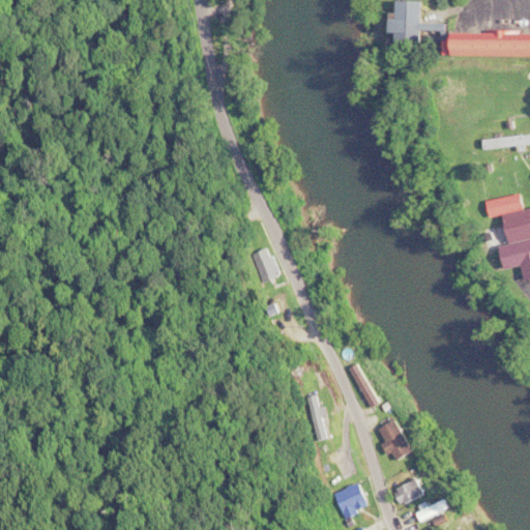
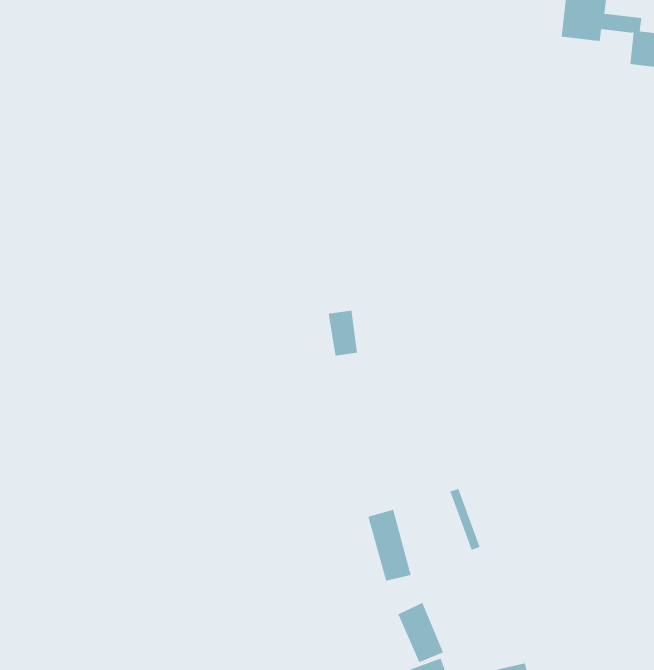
building: [377,418,412,461] -> [397,602,444,663]

